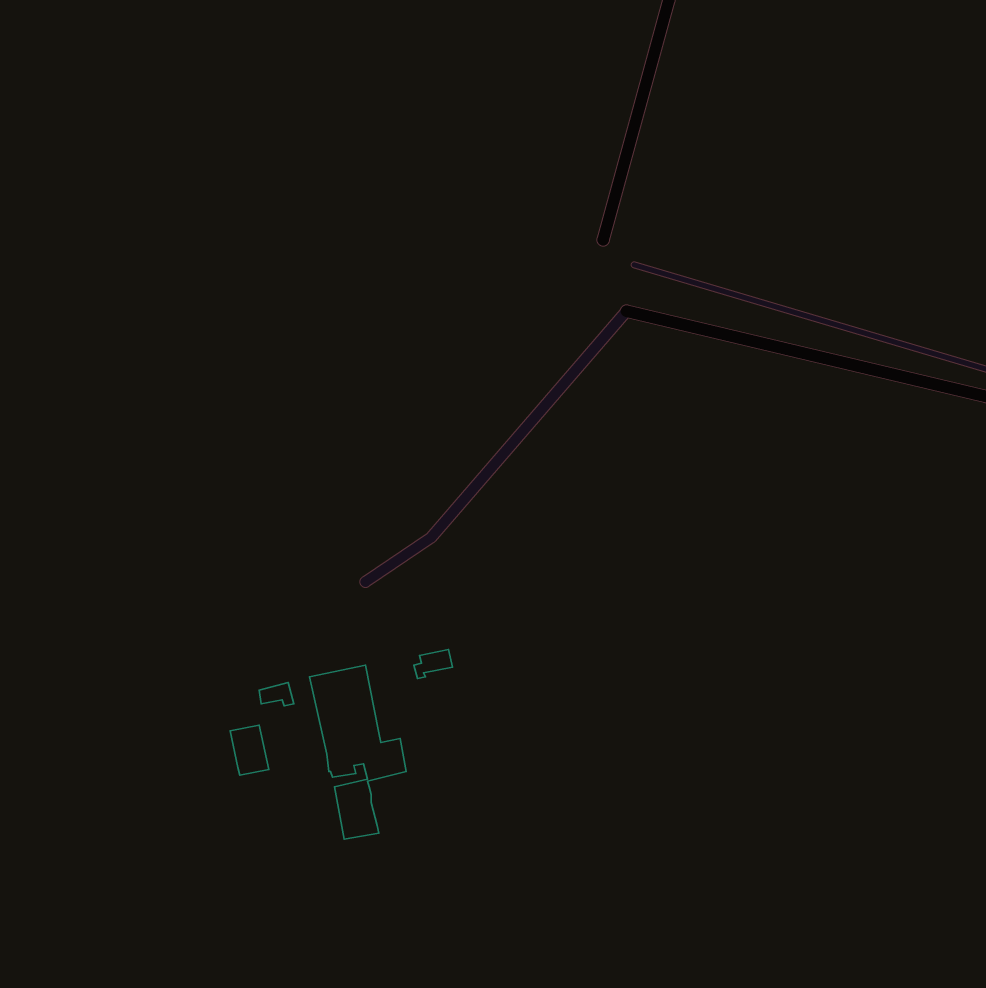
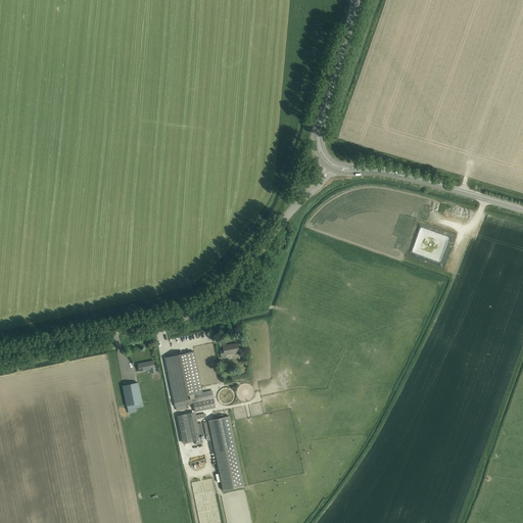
building: none -> [207,416,243,490]

